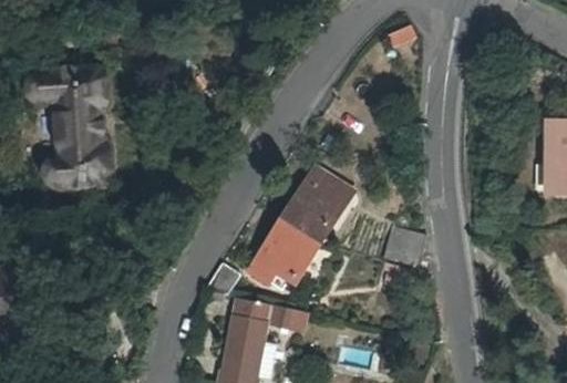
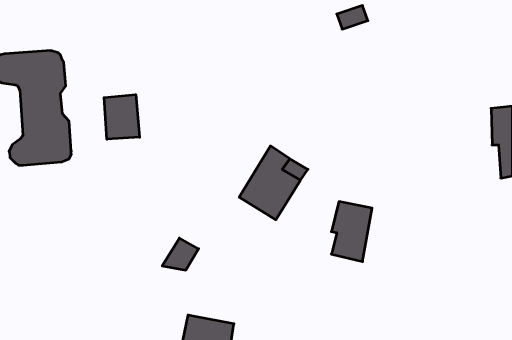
building: none -> [104,95,140,139]
building: [249,219,319,282] -> none
building: [228,301,306,350] -> none

